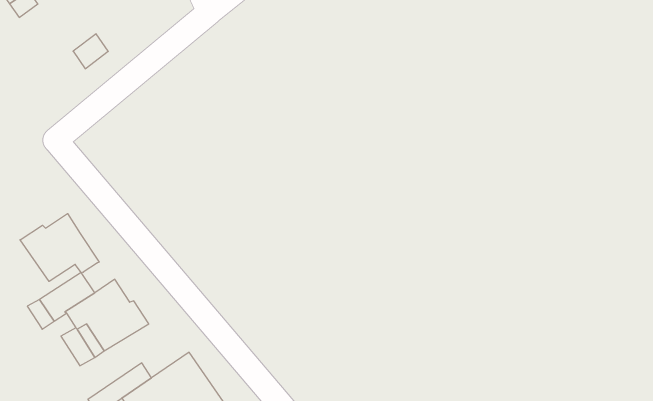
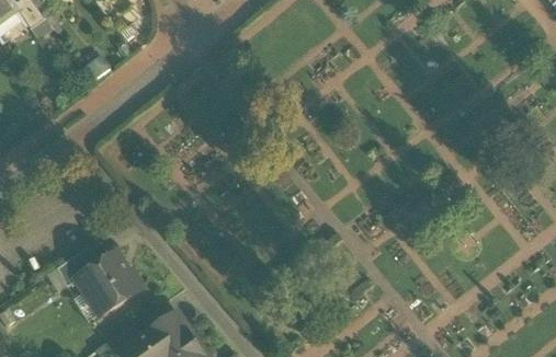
building: [20,214,99,281] -> none

